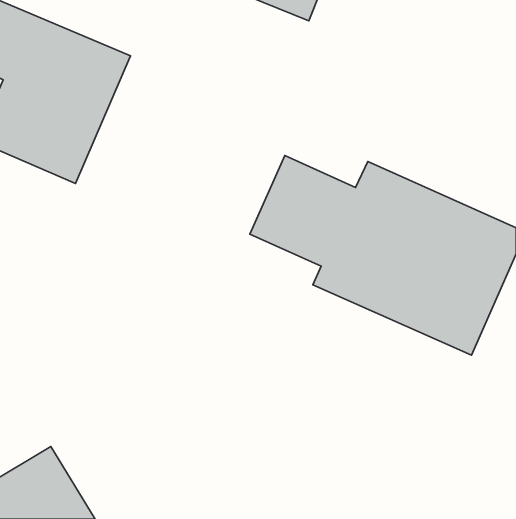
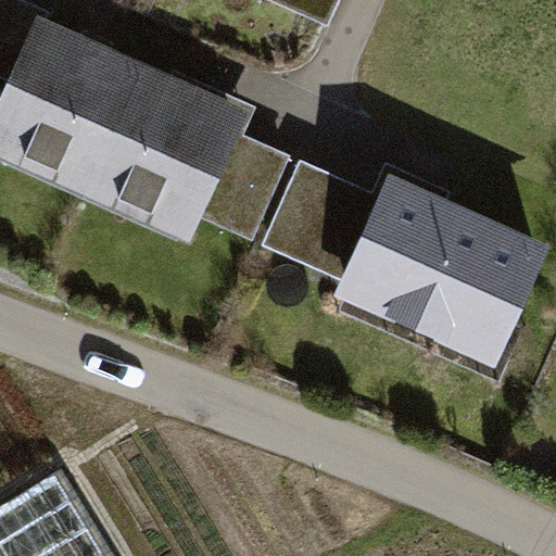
building: none -> [79,59,278,239]

